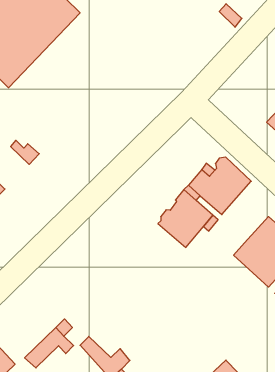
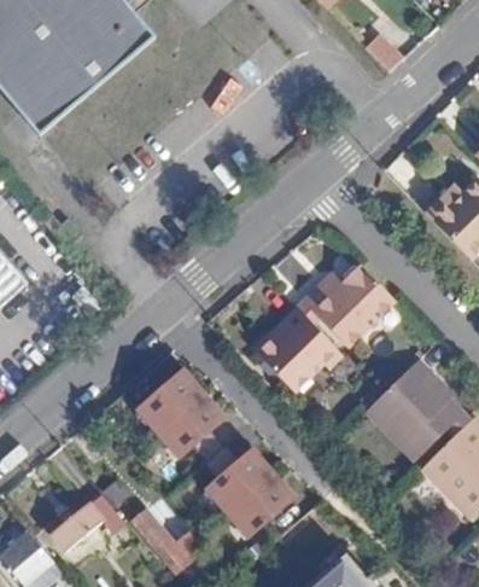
building: none -> [135,370,222,457]
building: none -> [204,446,297,539]

